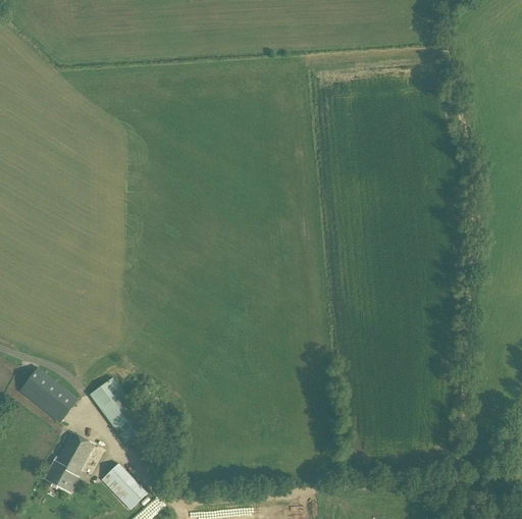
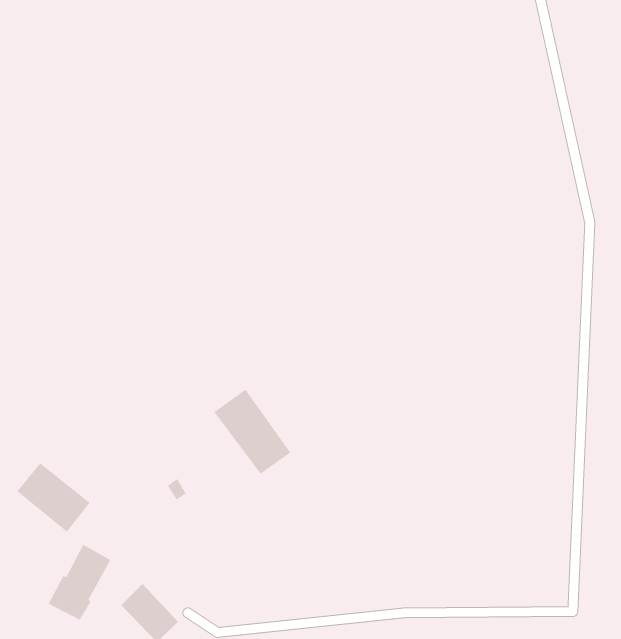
building: [89,376,150,444] -> [213,389,291,475]

